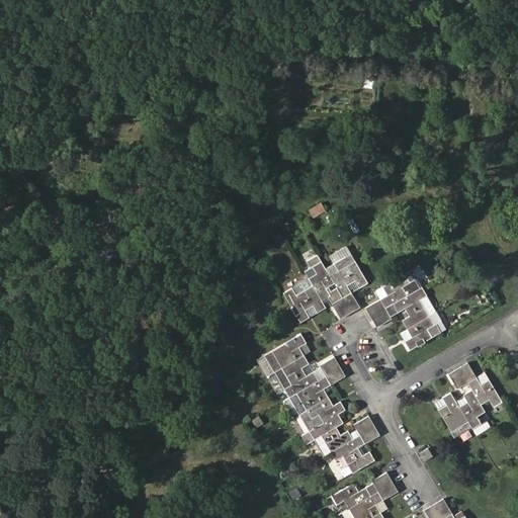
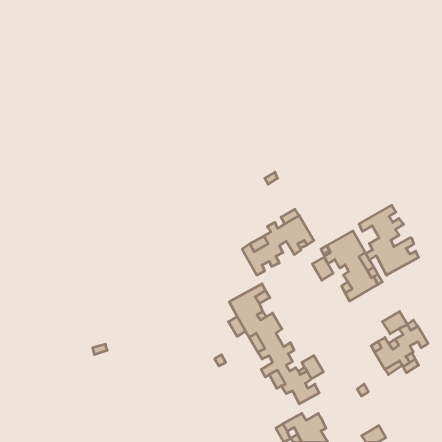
building: none -> [359,205,419,275]
building: [333,292,360,319] -> none
building: [319,357,345,384] -> none
building: [370,473,397,501] -> none

